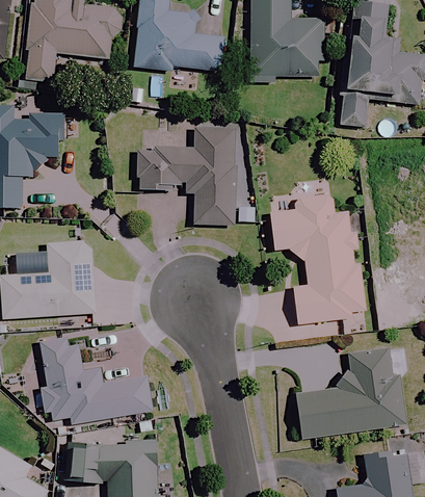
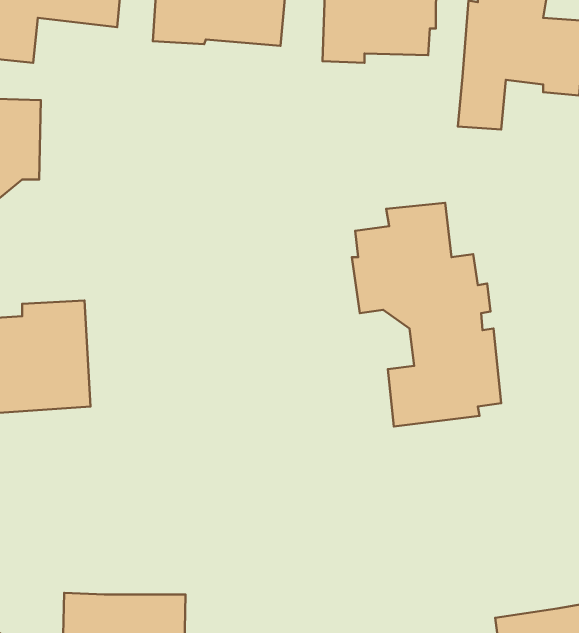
building: [138,133,236,224] -> none
building: [38,339,155,425] -> none
building: [293,348,404,439] -> none

